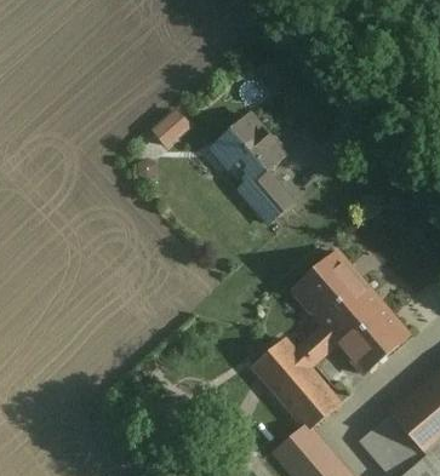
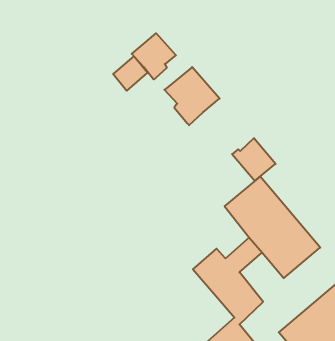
building: none -> [132,33,176,79]
building: [239,171,292,223] -> [232,138,276,181]

